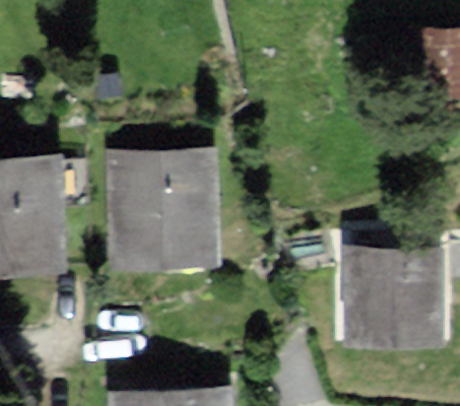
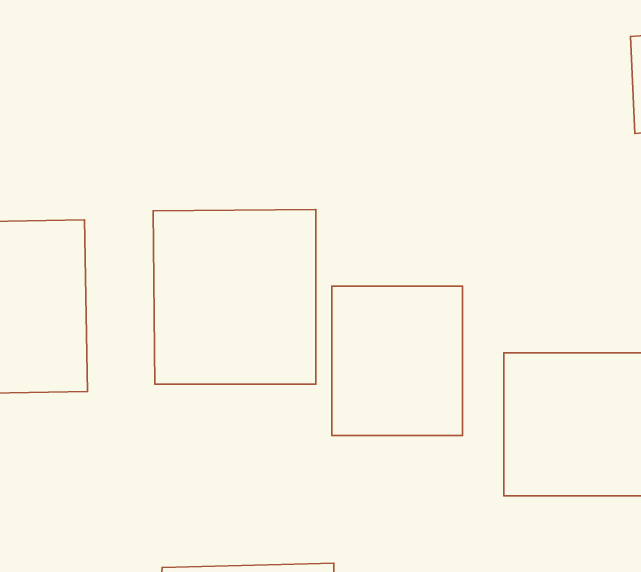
building: none -> [332,286,462,436]

